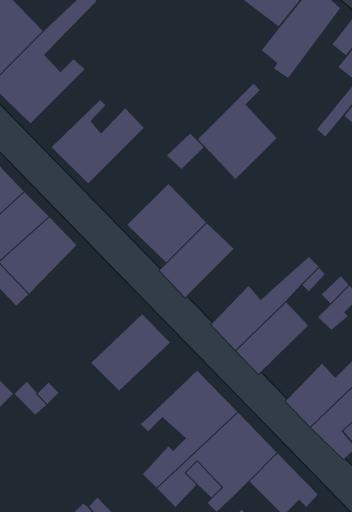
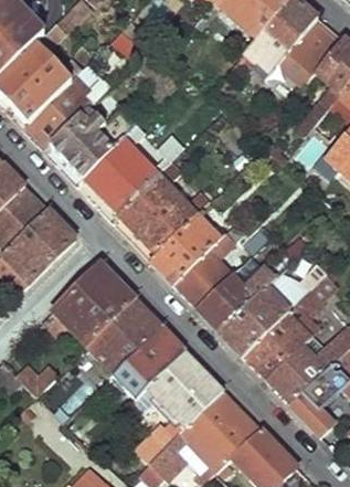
building: none -> [33,83,108,147]
building: [197,83,277,180] -> [86,129,160,219]
building: none -> [176,234,236,310]
building: none -> [53,263,136,346]
building: none -> [243,311,311,381]
building: none -> [113,327,187,400]

